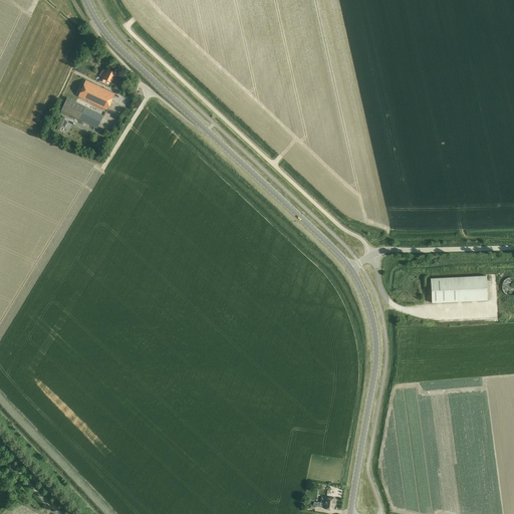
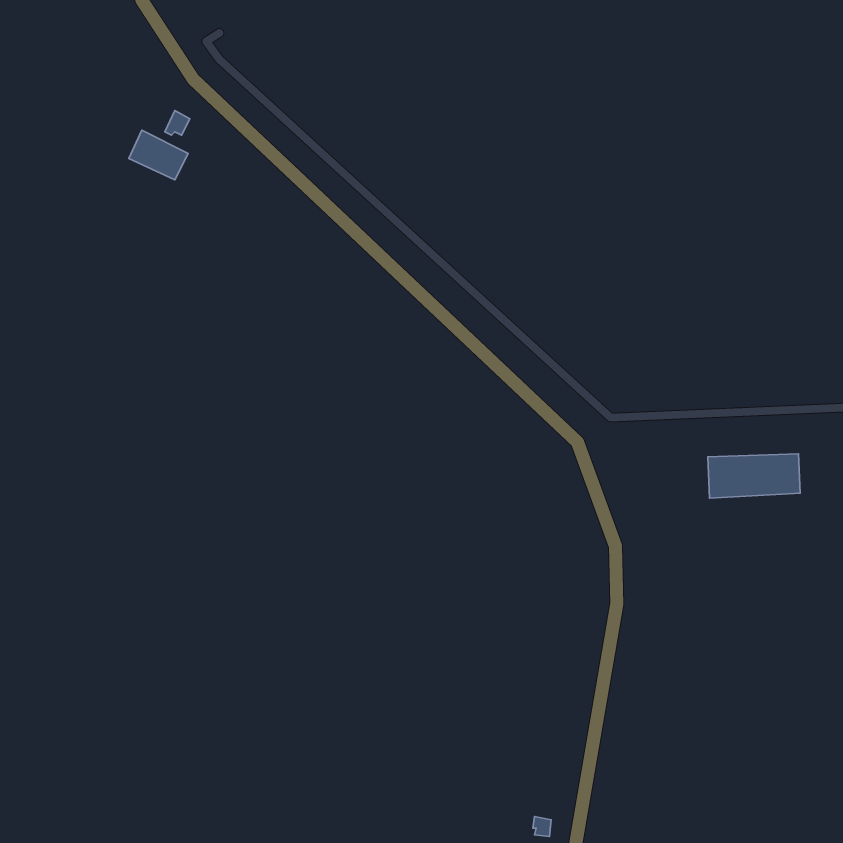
building: [60,97,103,127] -> none

